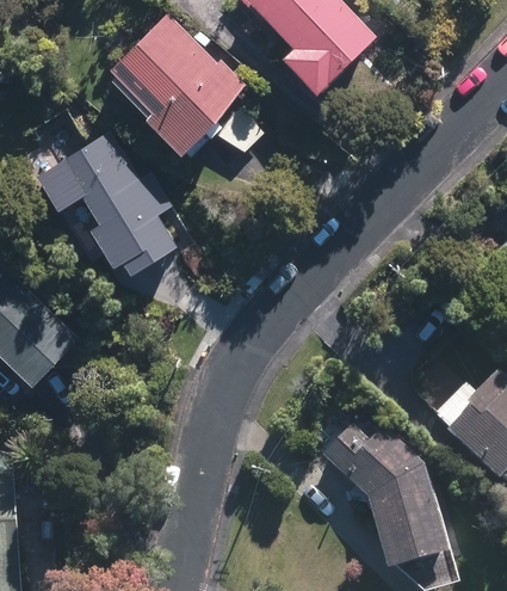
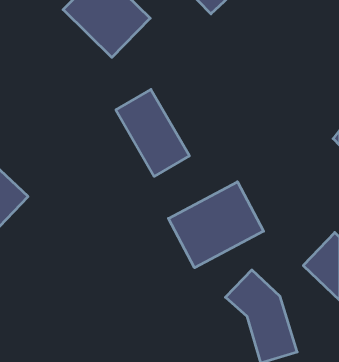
building: [60,137,162,259] -> [116,89,189,176]
building: none -> [168,182,264,268]

